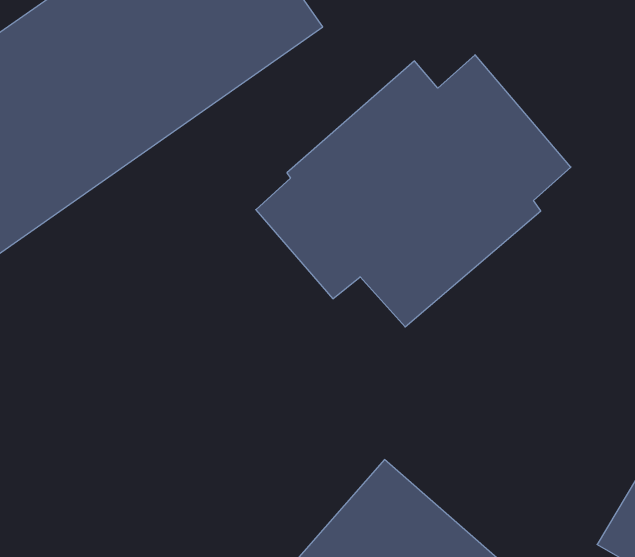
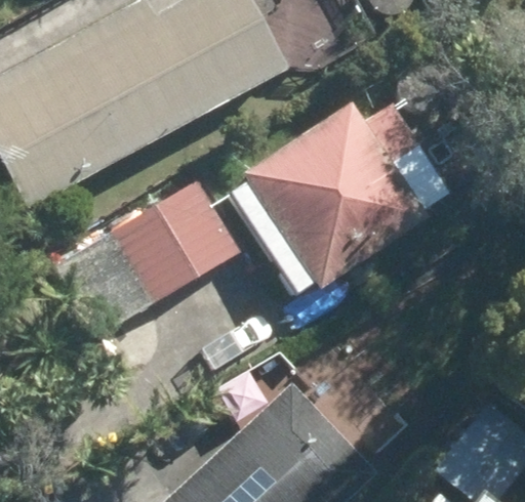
building: none -> [110,175,242,299]

